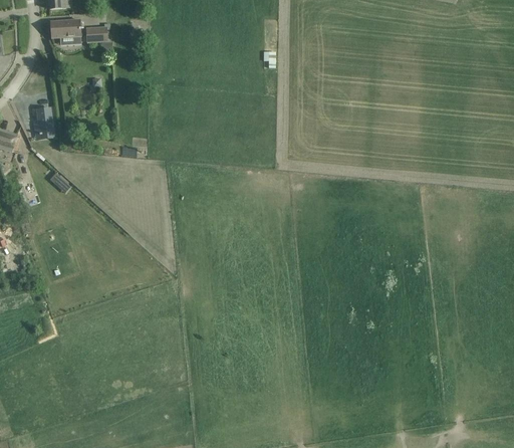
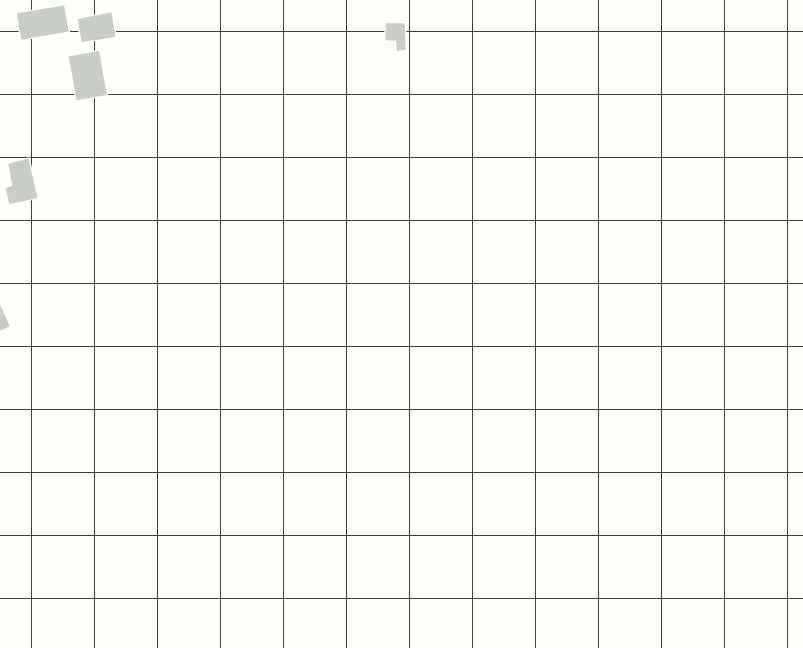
building: none -> [68,50,107,101]

